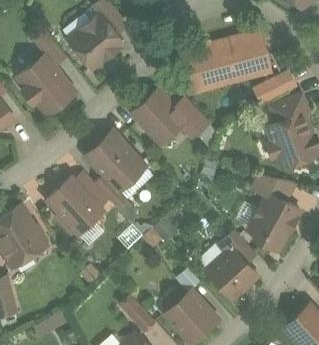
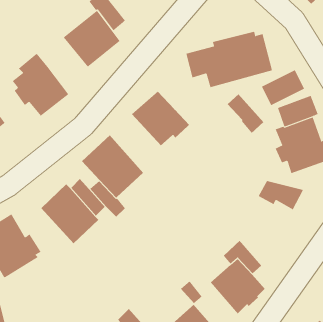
building: [31,30,67,68] -> none
building: [173,98,208,136] -> [227,94,264,134]
building: [249,194,299,252] -> none

